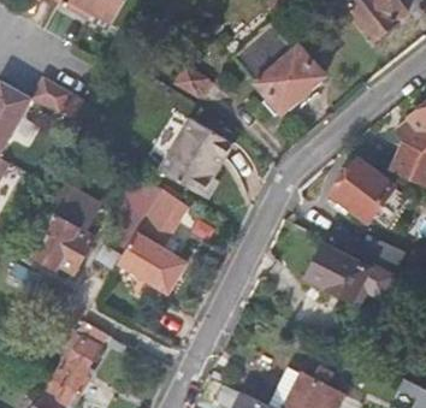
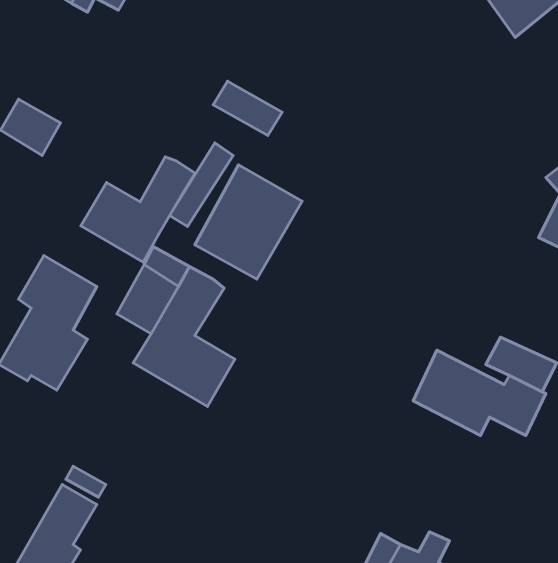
building: [237,23,326,113] -> none
building: none -> [81,157,195,262]
building: [331,159,394,219] -> none

